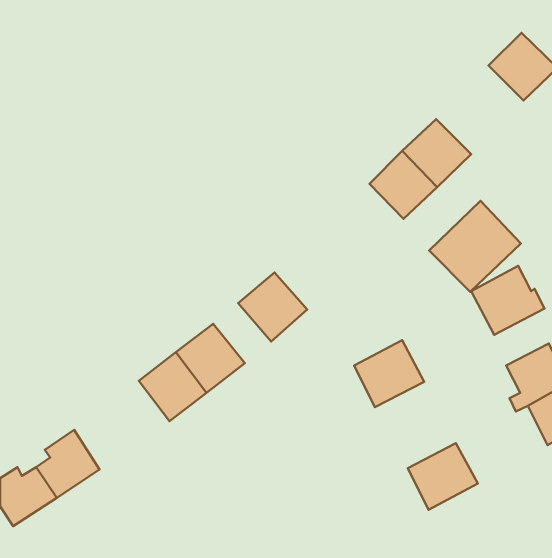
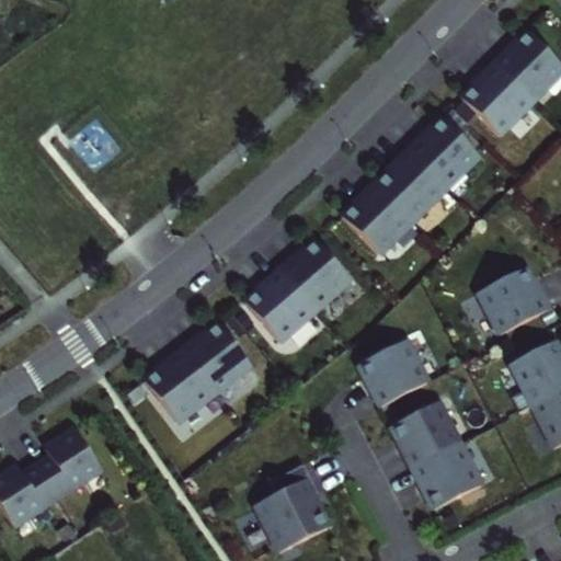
building: none -> [462,66,531,135]
building: none -> [343,184,411,253]
building: [429,201,521,292] -> none
building: none -> [282,242,350,310]
building: none -> [393,403,463,469]
building: none -> [252,466,322,546]

